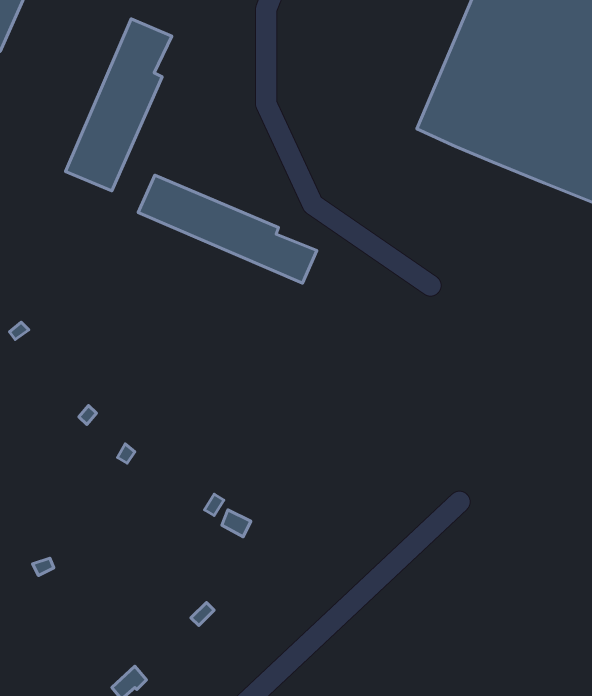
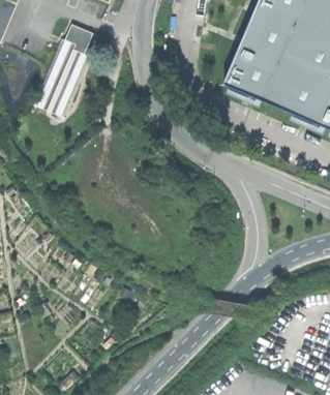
building: [138,175,317,283] -> none

